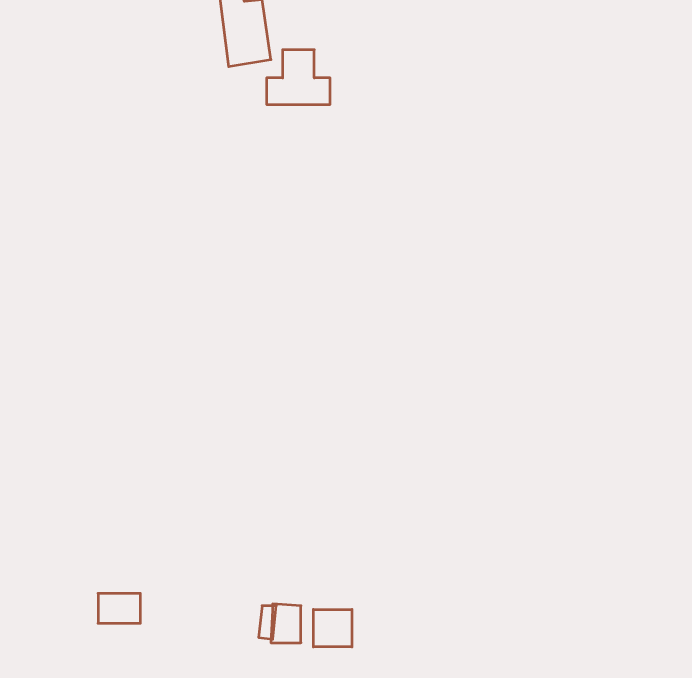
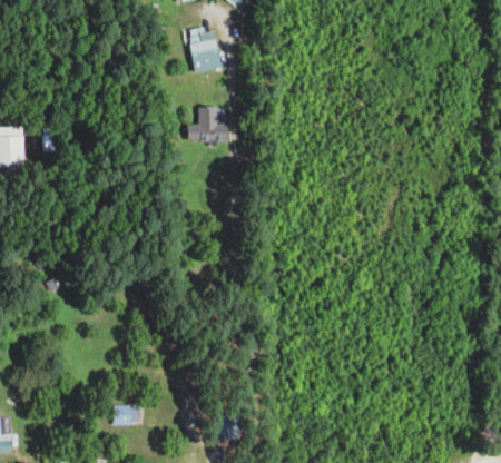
building: [267,50,330,104] -> [188,107,228,141]
building: [313,609,352,647] -> none

